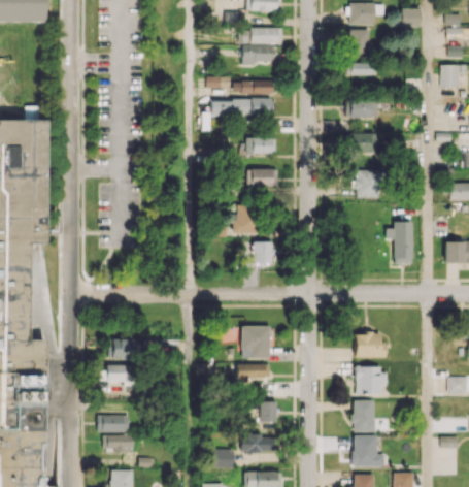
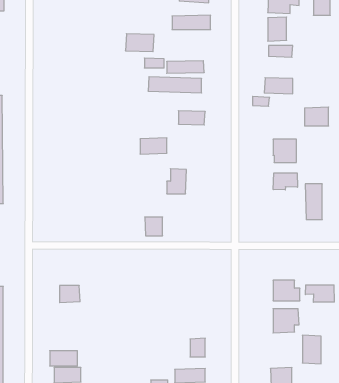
building: [241,44,274,65] -> [125,34,154,52]
building: [348,133,376,155] -> [305,107,329,126]
building: [246,168,277,187] -> [140,138,167,154]
building: none -> [273,173,297,190]
building: [253,241,273,263] -> [145,217,163,236]
building: [240,326,269,359] -> none
building: none -> [305,285,334,302]
building: [236,363,269,384] -> none
building: [99,365,133,383] -> none
building: [353,399,374,432] -> [302,335,321,364]

